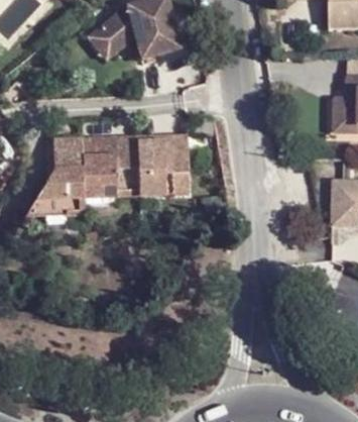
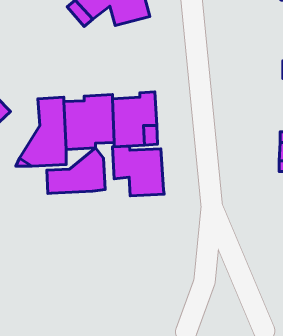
building: none -> [112,146,164,196]
building: none -> [47,148,105,194]

